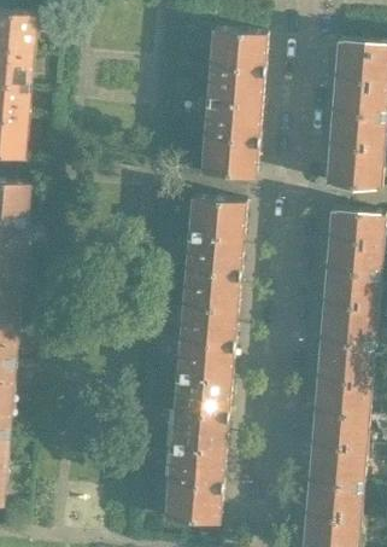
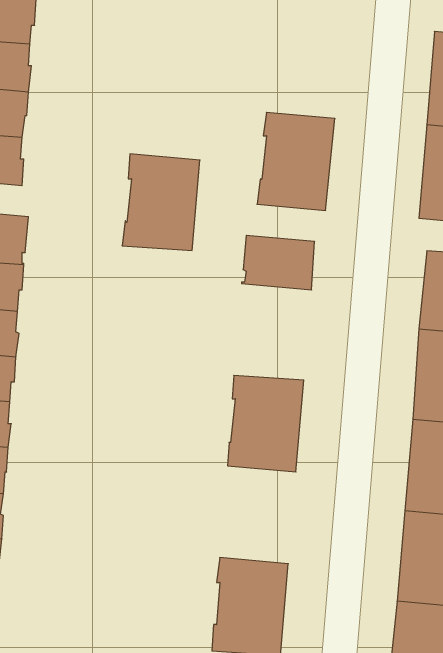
building: [211,30,269,107] -> none
building: [186,235,246,310] -> [122,154,200,250]
building: [175,377,234,453] -> none

